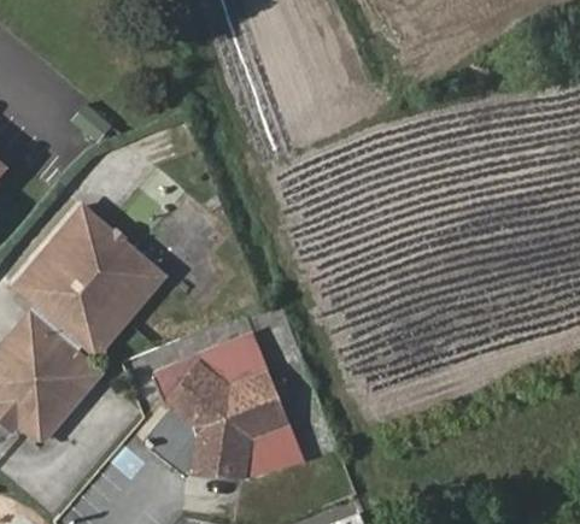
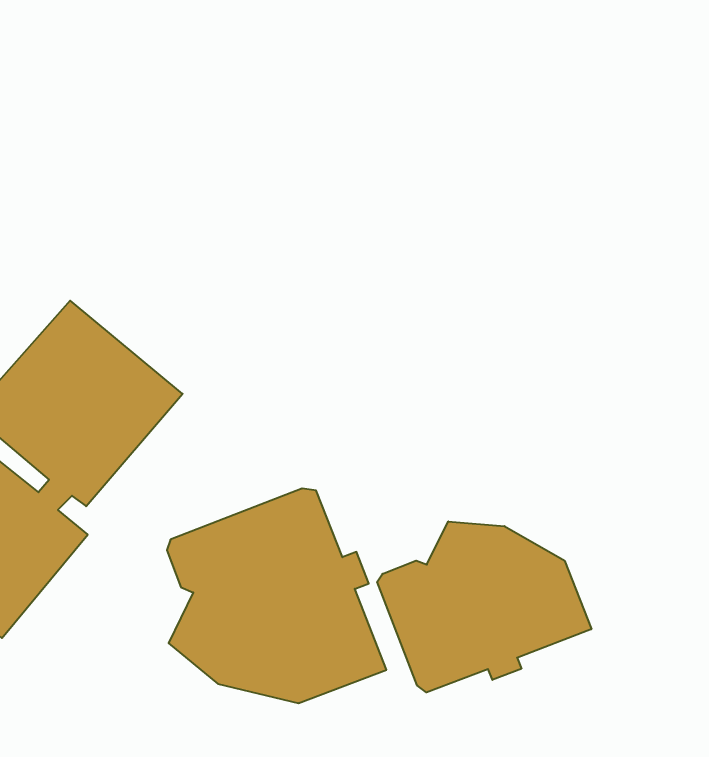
building: none -> [377,521,591,692]

